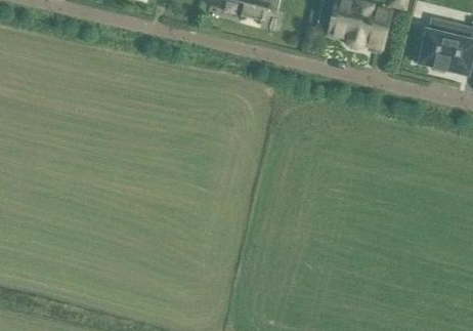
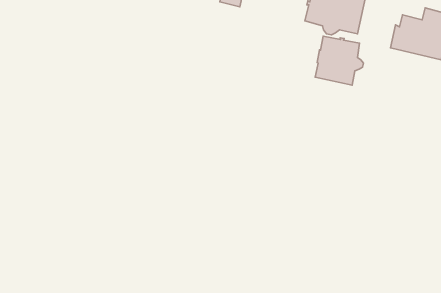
building: none -> [315,36,363,85]

